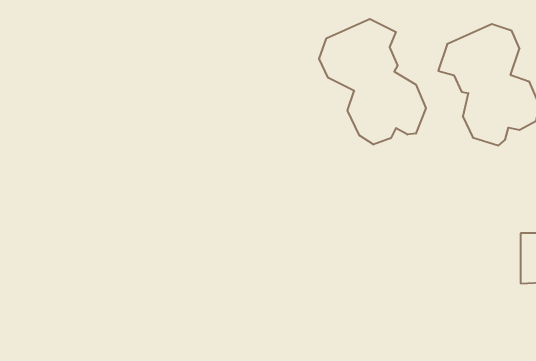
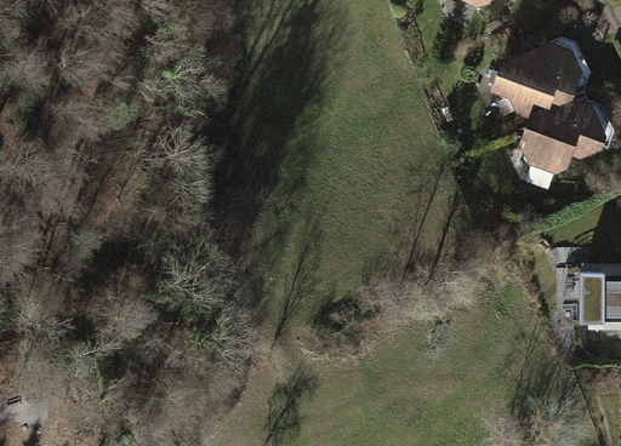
building: [319,19,426,145] -> none

